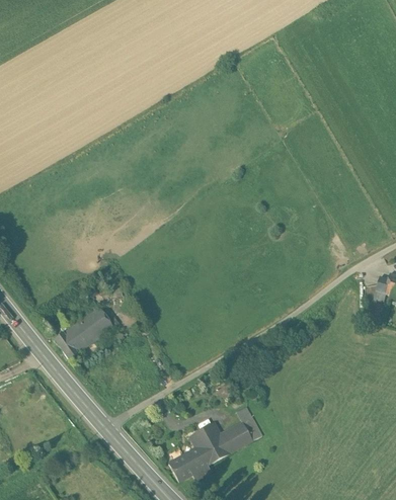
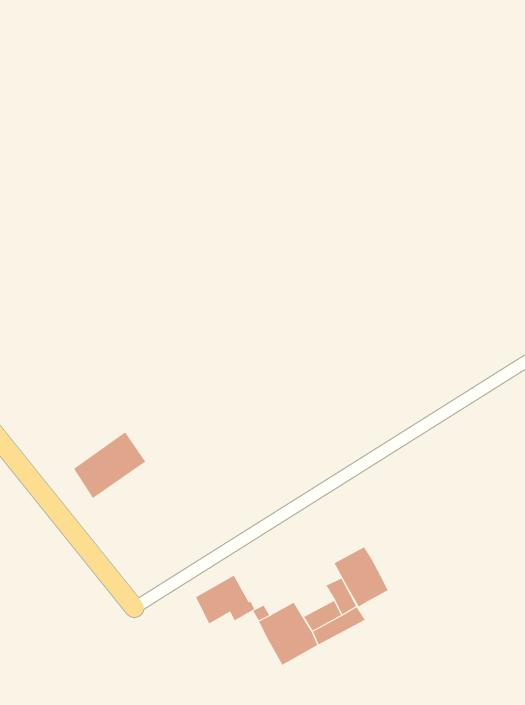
building: none -> [333,546,389,607]
building: [169,447,210,481] -> [195,575,255,624]

